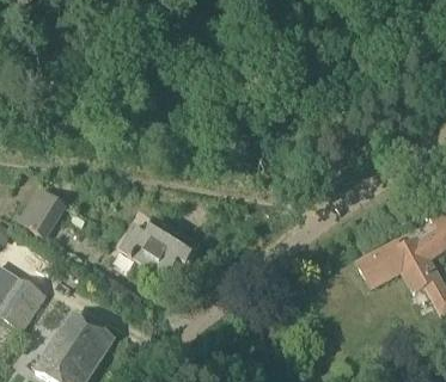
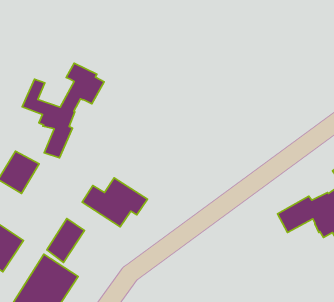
building: none -> [22,63,104,158]
building: none -> [47,218,84,262]

